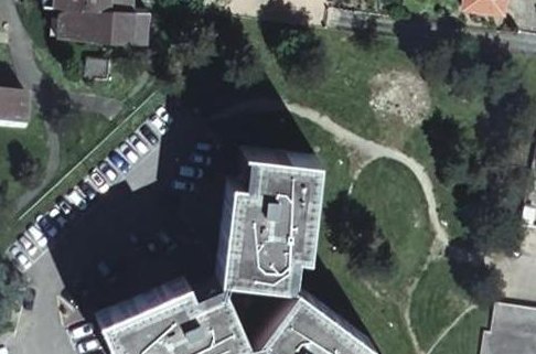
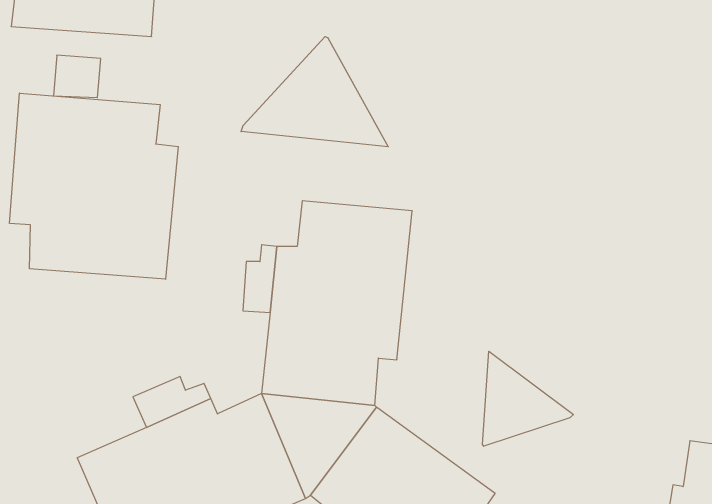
building: none -> [241,37,388,147]
building: none -> [10,93,178,279]
building: none -> [483,351,573,446]

